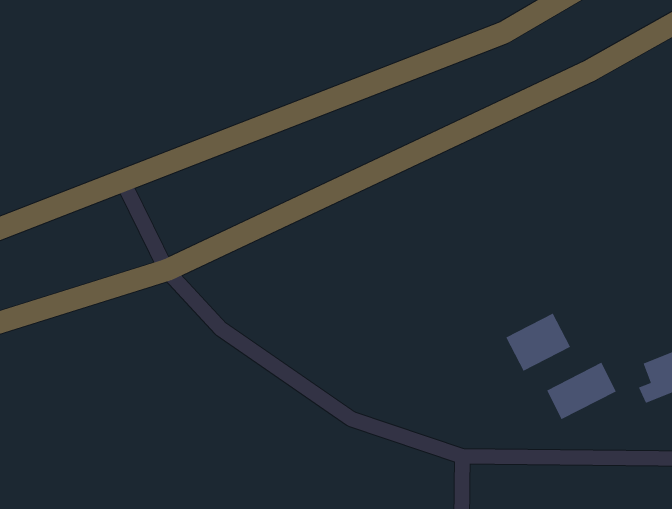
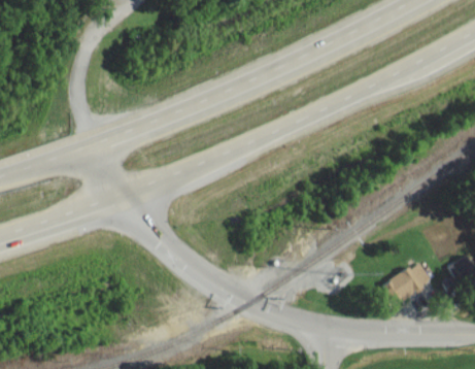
building: [505,313,571,372] -> none

